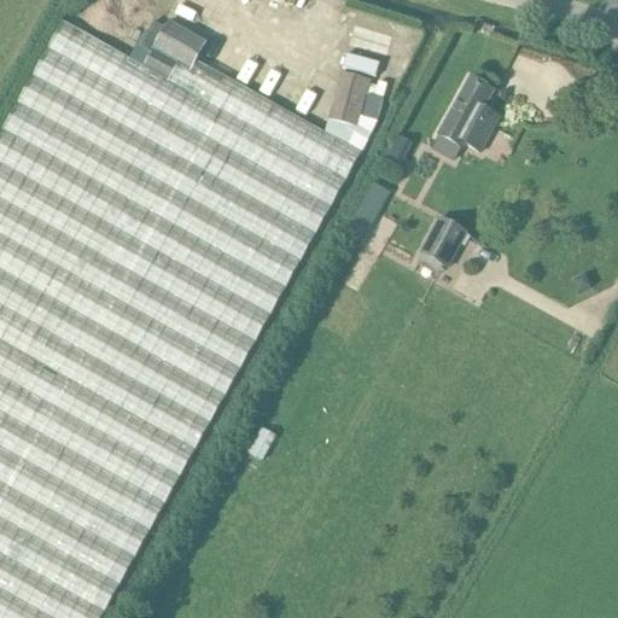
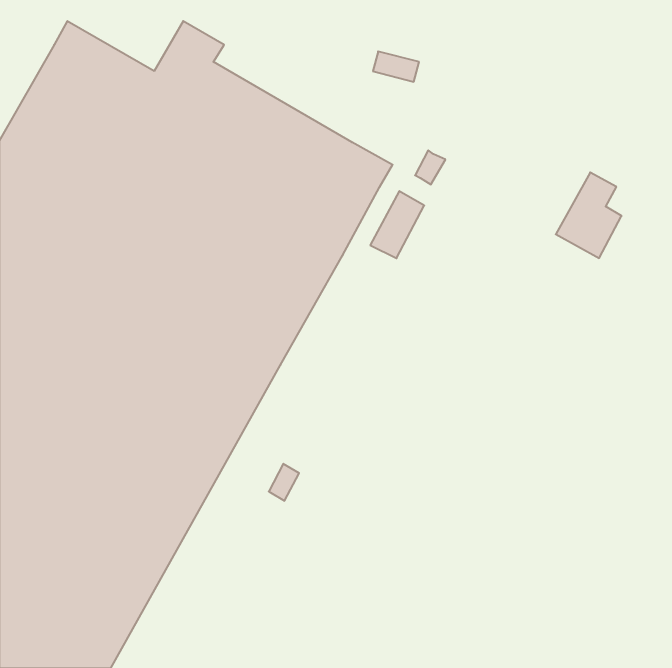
building: [322,70,383,151] -> none
building: [437,75,497,153] -> [556,172,622,258]
building: [418,216,466,268] -> none

